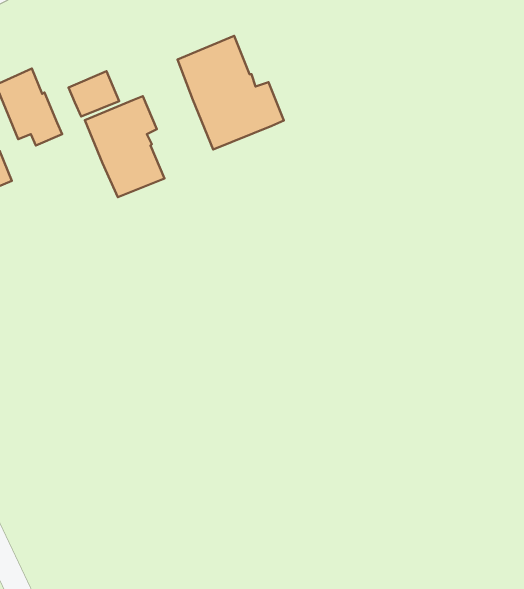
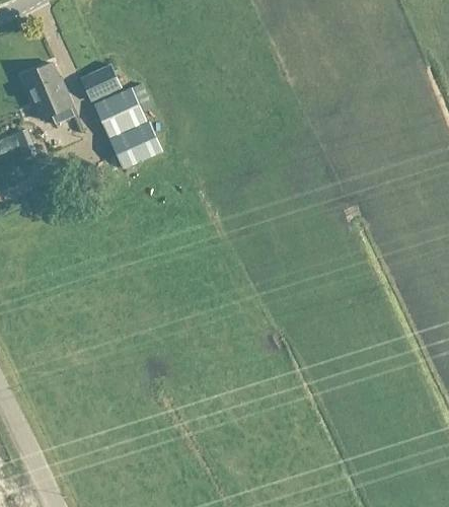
building: [178,36,284,149] -> none

